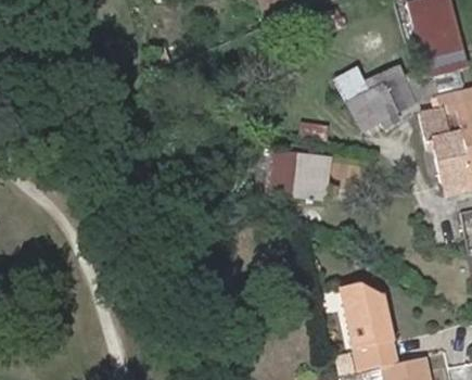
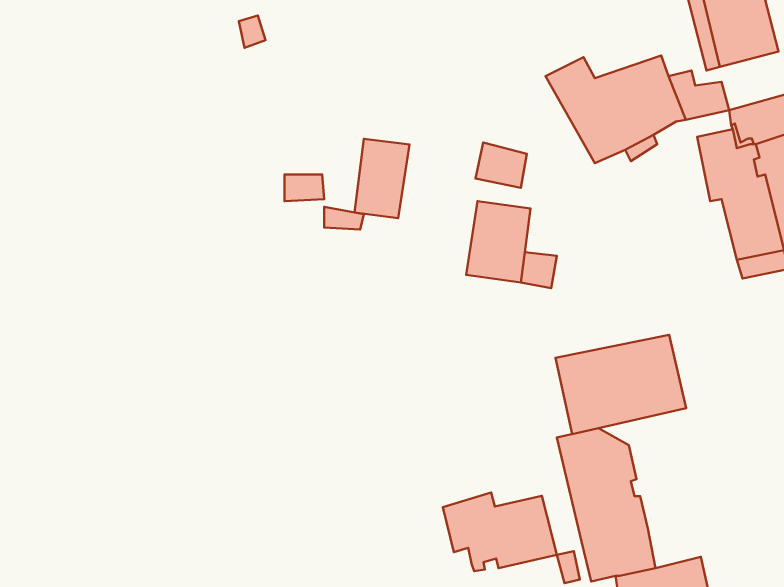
building: [261,149,293,194] -> [354,139,409,218]
building: none -> [556,335,686,434]
building: none -> [443,493,557,571]

